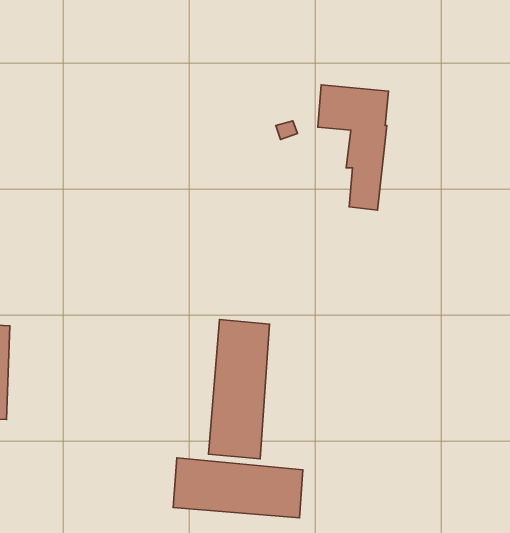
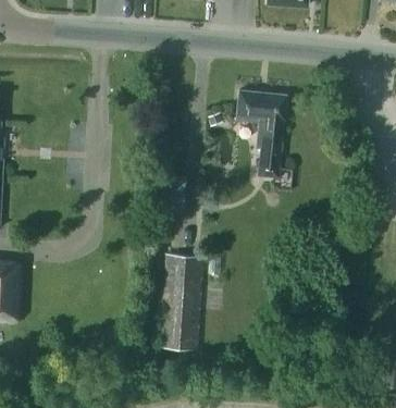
building: [173,458,303,518] -> none

